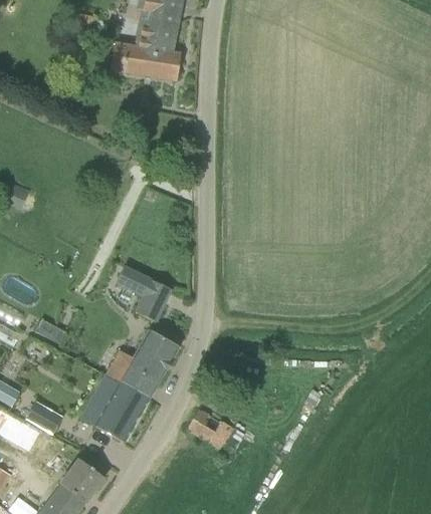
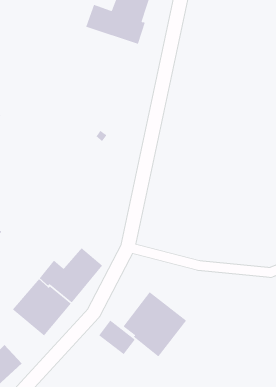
building: [115,265,171,321] -> none
building: none -> [122,291,187,358]

